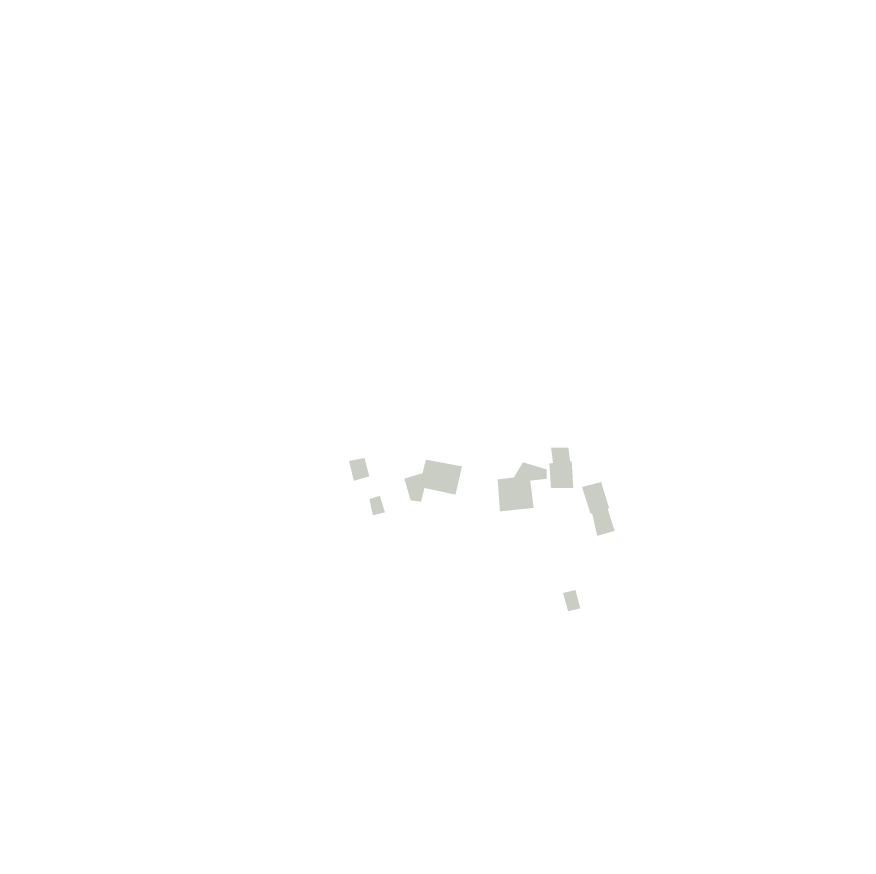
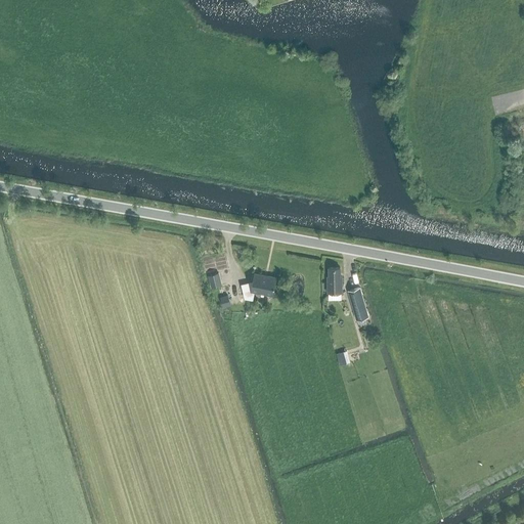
building: [497,461,547,512] -> none

